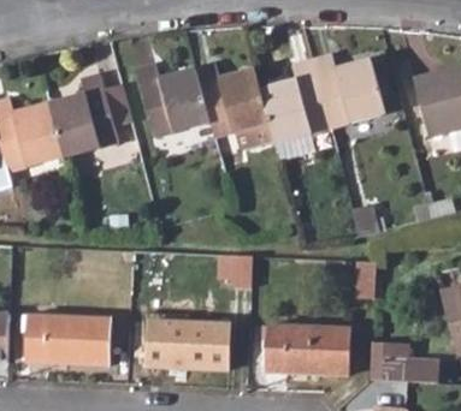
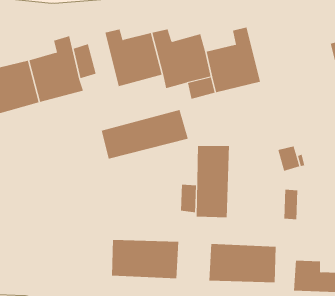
building: [313,56,385,129] -> none
building: none -> [101,109,188,159]
building: none -> [196,145,229,218]
building: [26,316,110,364] -> none

